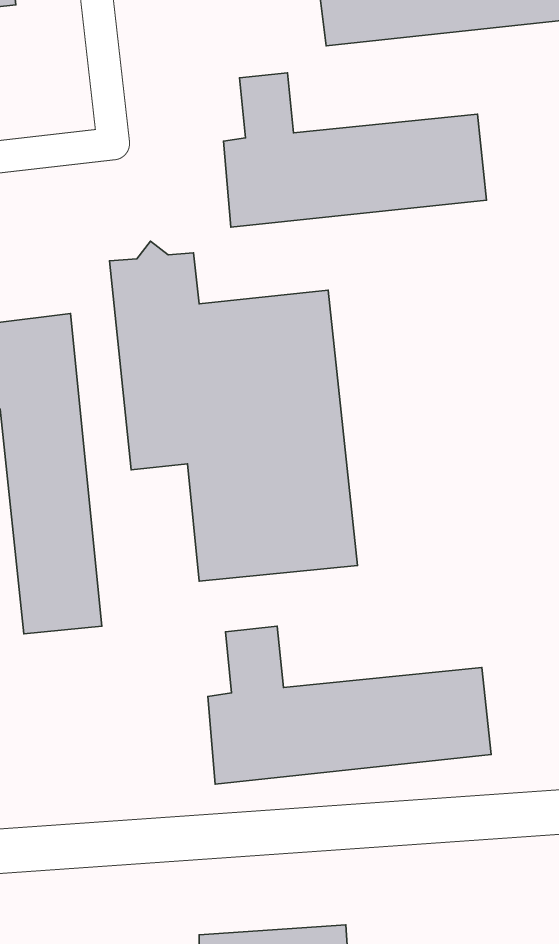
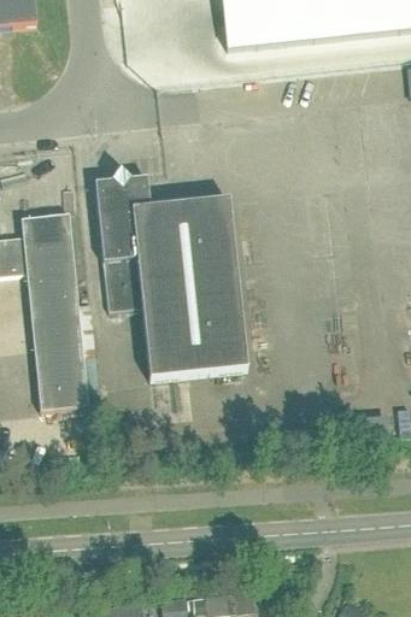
building: [223,73,486,227] -> none
building: [208,626,491,784] -> none

